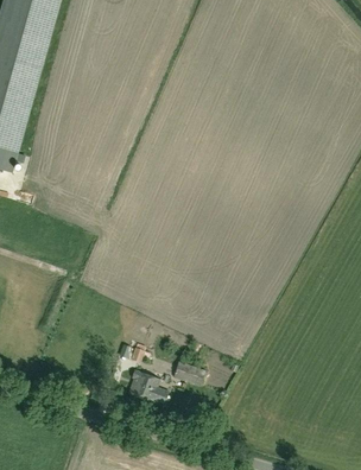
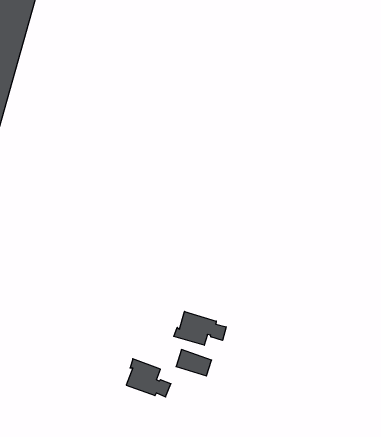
building: none -> [174,311,226,345]

